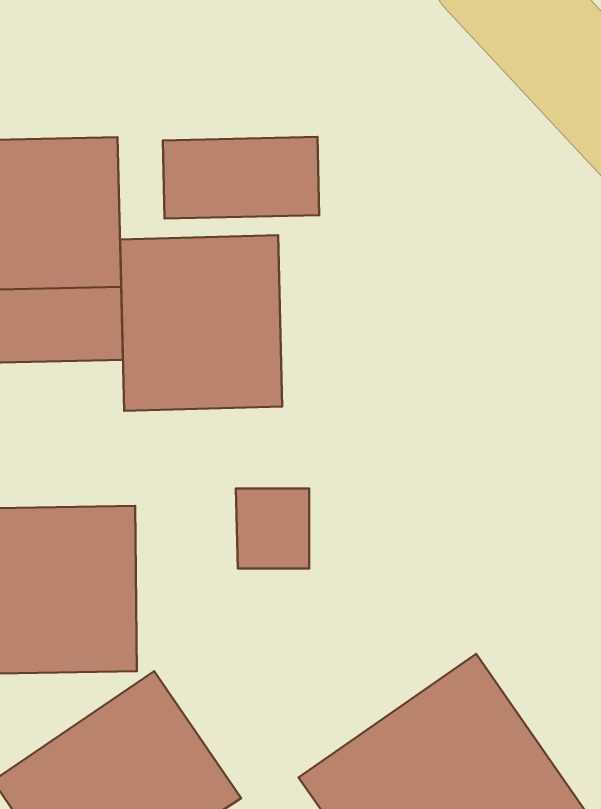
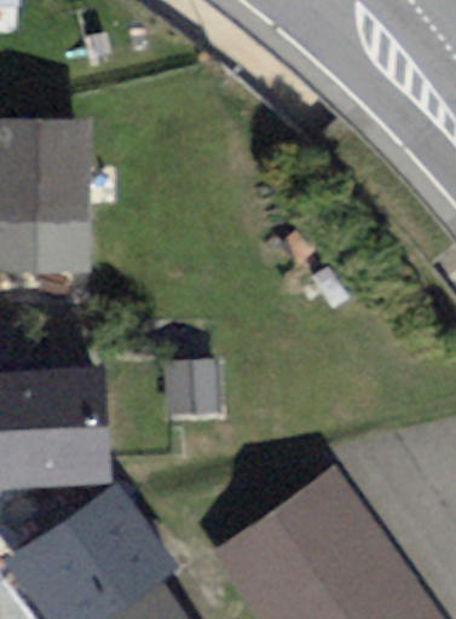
building: [163,137,319,219] -> none
building: [120,235,282,411] -> none

